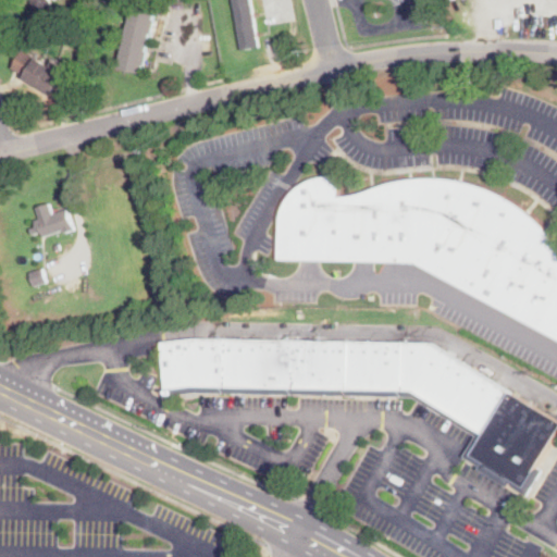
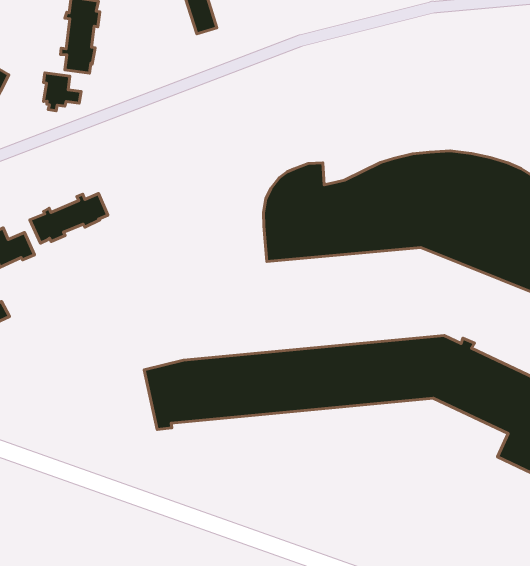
building: none -> [44,73,81,111]
building: none -> [30,194,108,243]

